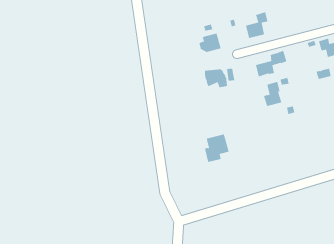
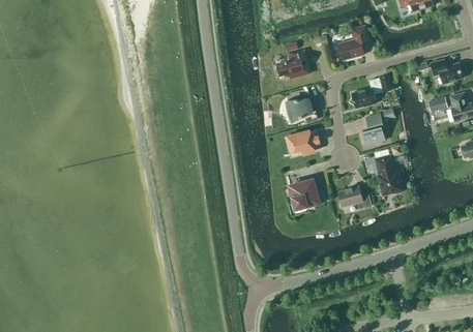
building: none -> [290,129,321,154]
building: none -> [375,154,404,194]
building: none -> [337,185,372,208]

